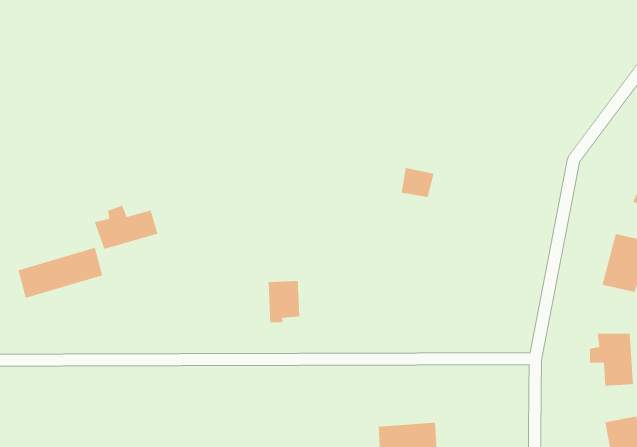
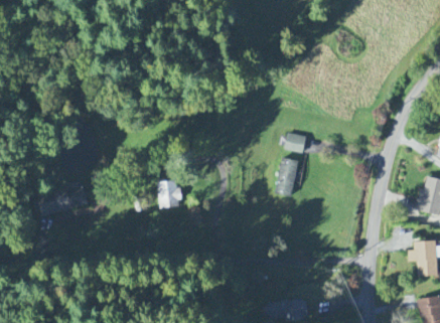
building: [94,205,159,250] -> none
building: none -> [274,157,298,195]
building: [268,280,300,323] -> [157,179,178,207]

